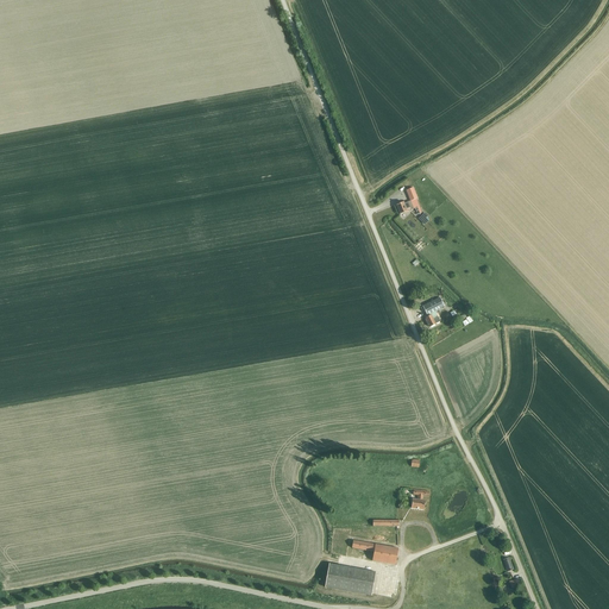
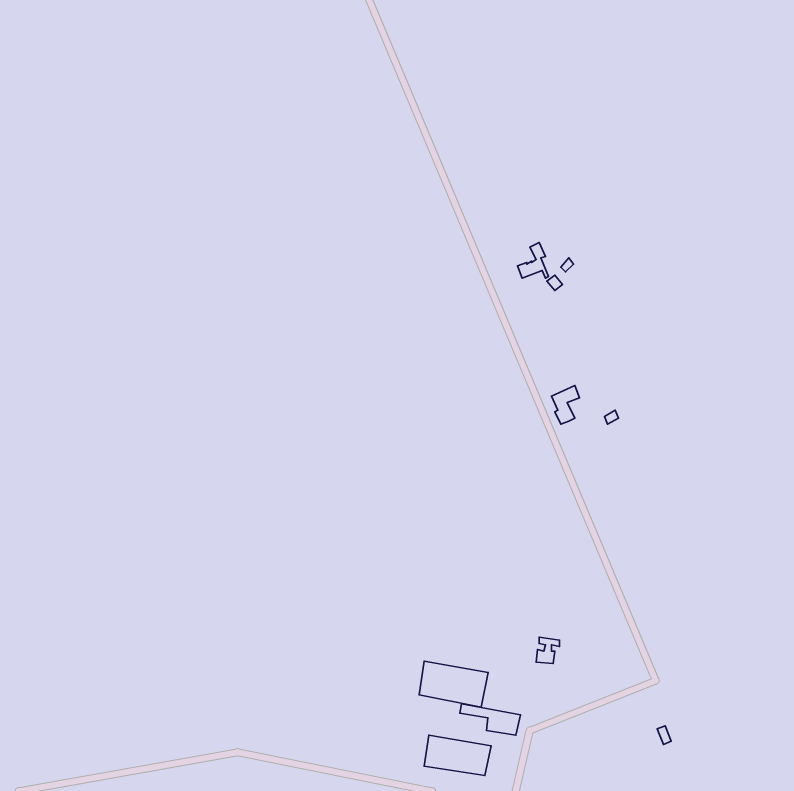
building: none -> [419,661,488,707]

